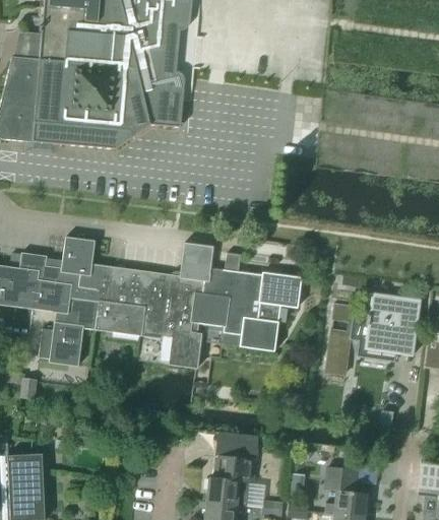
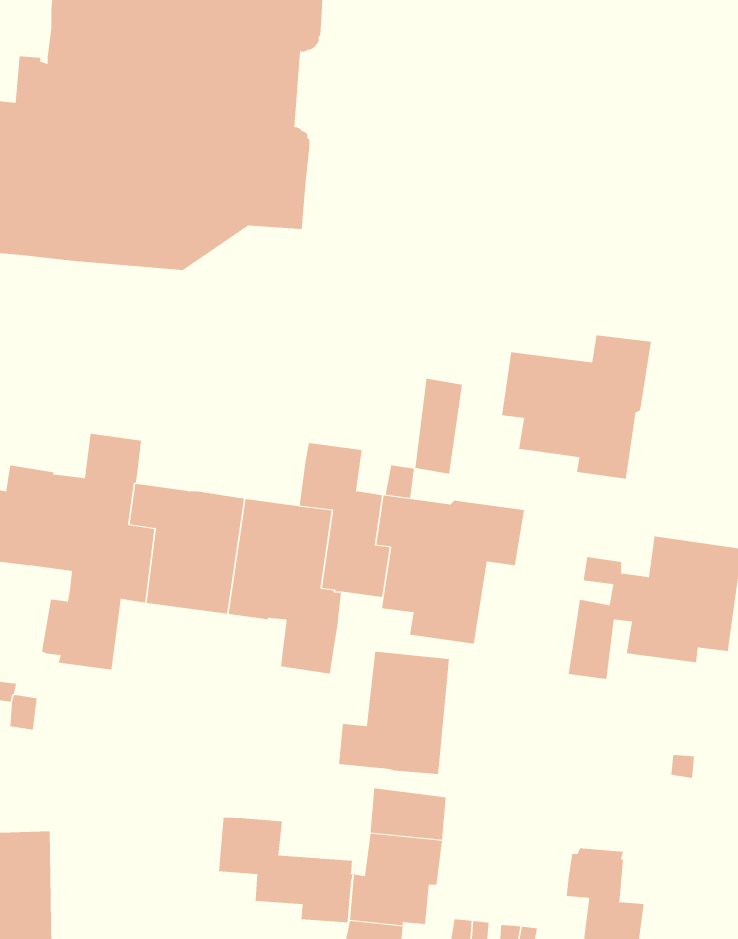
building: none -> [502,334,651,479]
building: none -> [415,378,462,474]
building: none -> [338,651,450,775]
building: none -> [219,817,353,923]

